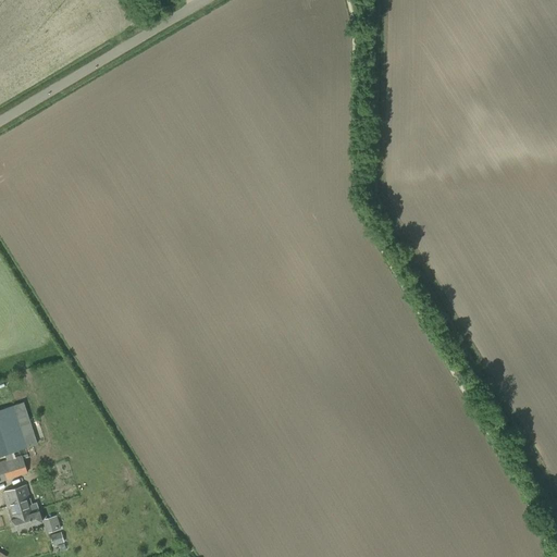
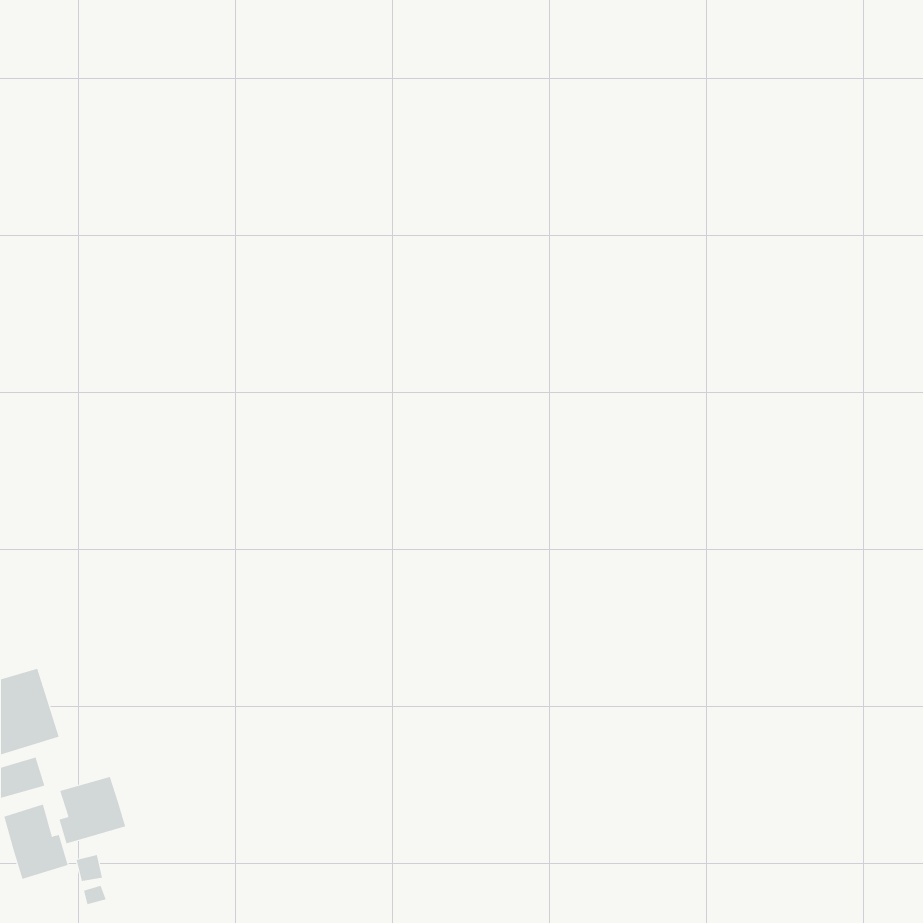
building: none -> [59,776,126,844]

